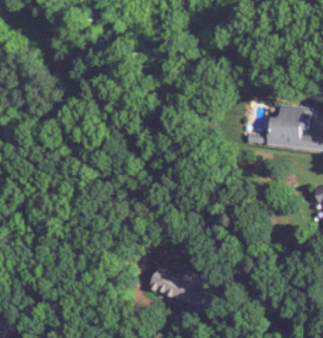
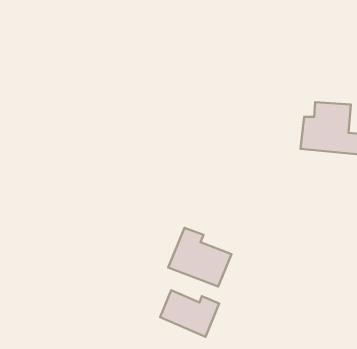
building: none -> [168,228,231,287]

